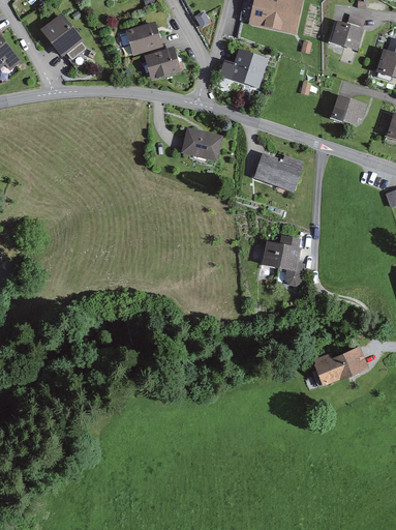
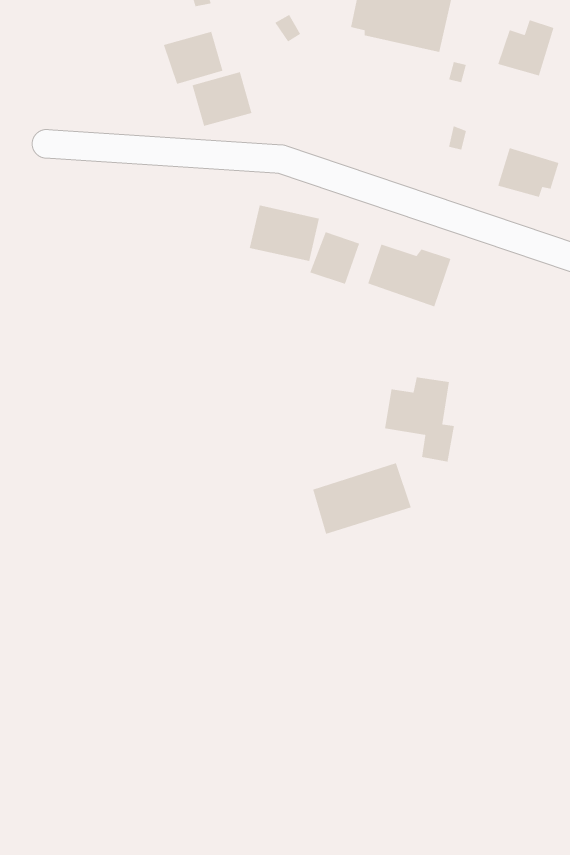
building: [40,11,88,57] -> none
building: [219,49,270,88] -> none
building: none -> [309,231,360,285]
building: [308,343,369,387] -> [312,462,412,535]

